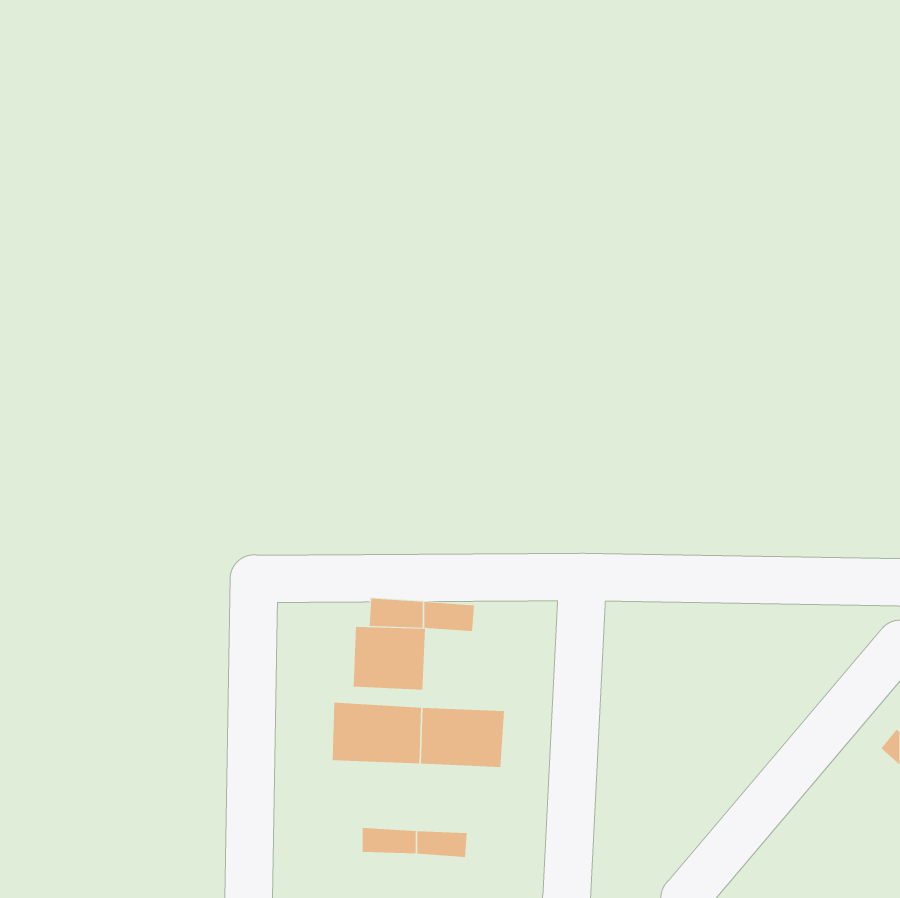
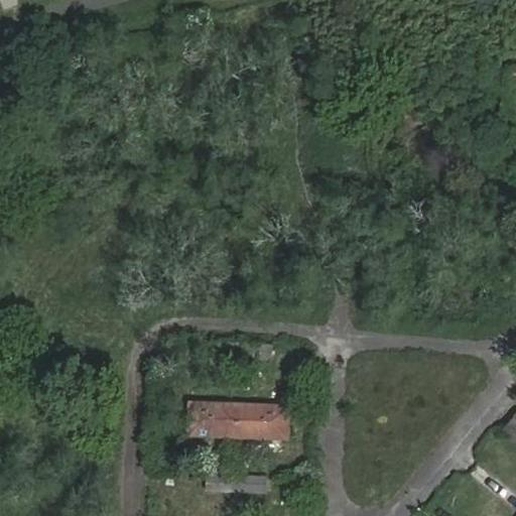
building: [353,626,426,691] -> none

